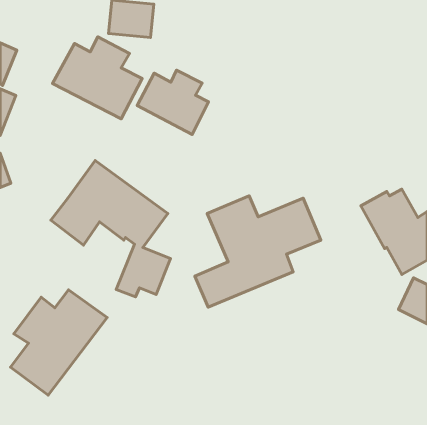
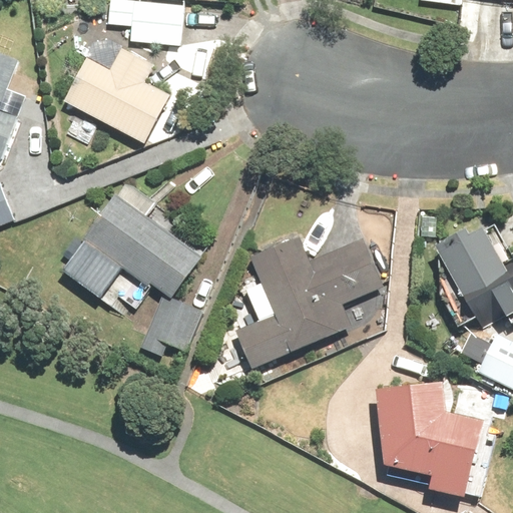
building: [137,70,208,135] -> none
building: [11,290,107,395] -> none
building: none -> [374,381,483,499]

